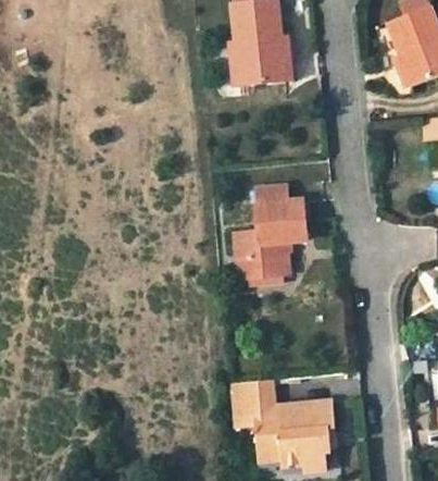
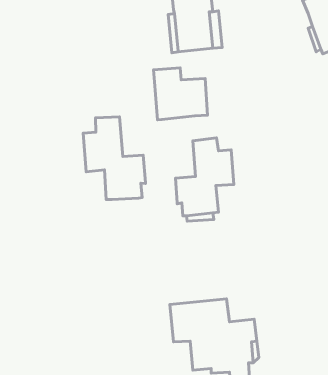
building: none -> [154,68,208,120]
building: none -> [83,117,145,199]

